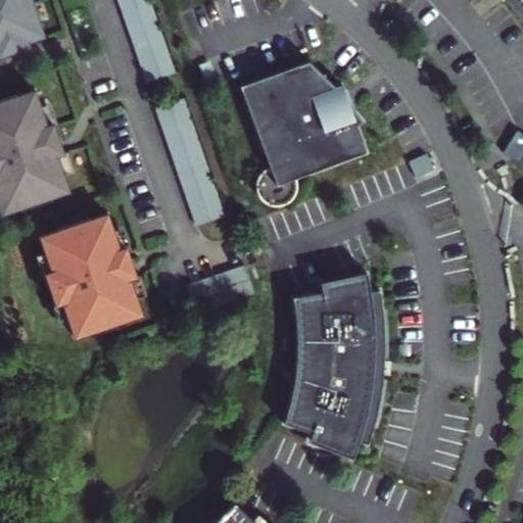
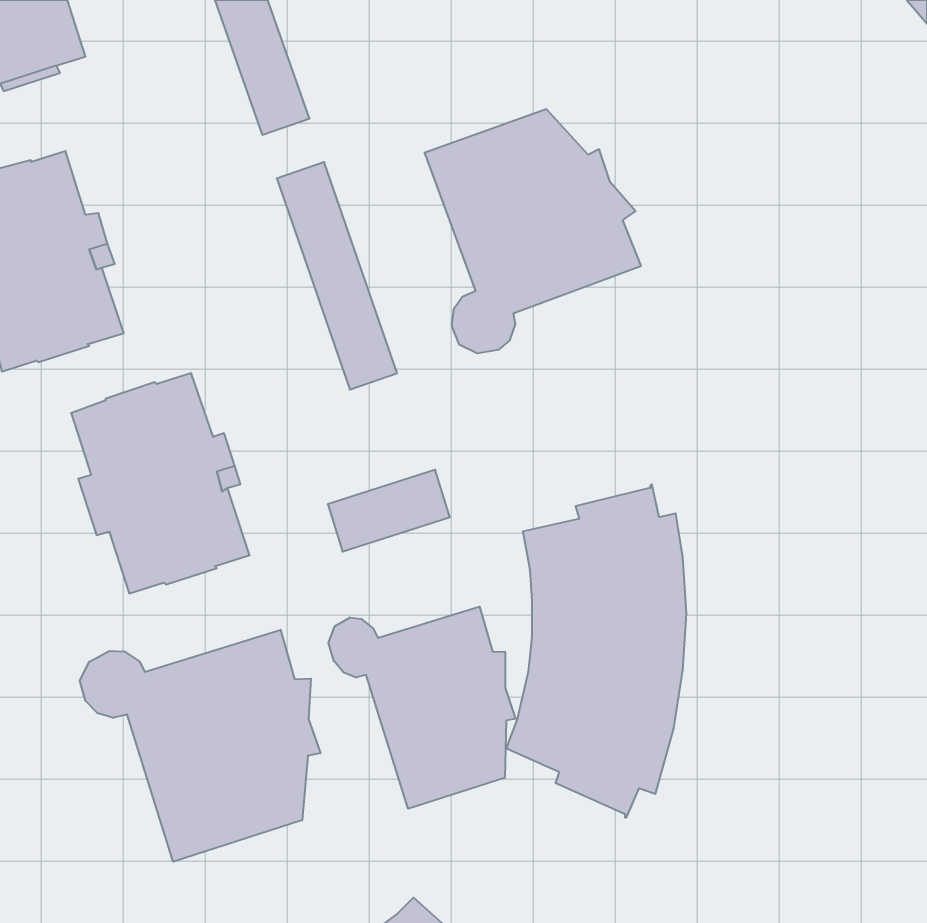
building: none -> [329,607,516,809]
building: none -> [80,630,320,862]

